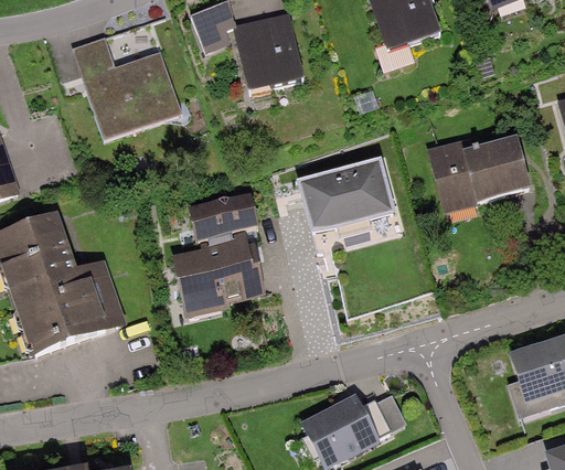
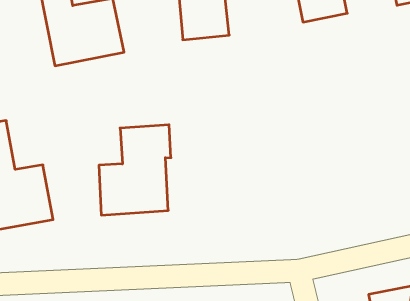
building: [433,139,527,207] -> none
building: [299,160,393,232] -> none

